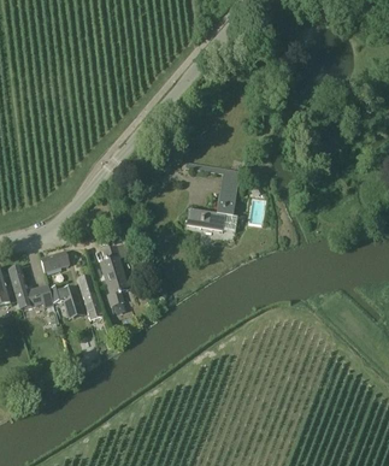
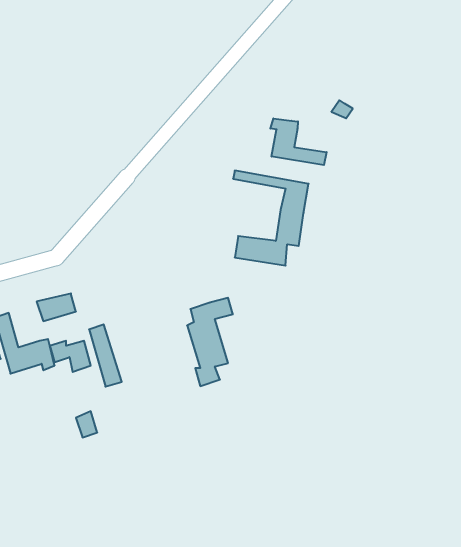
building: none -> [270,118,327,165]
building: [100,241,134,306] -> [187,298,233,386]

